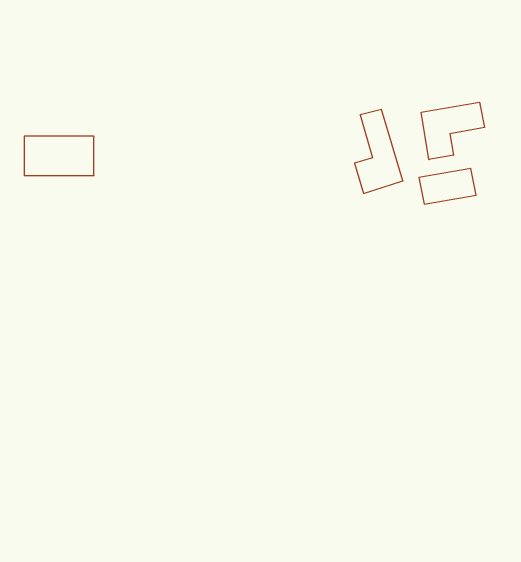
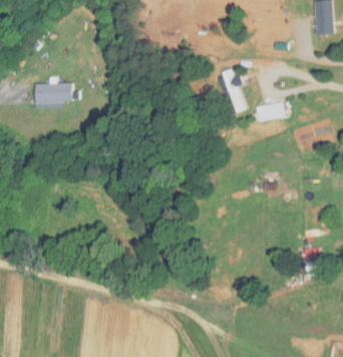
building: [421,102,485,160] -> none

